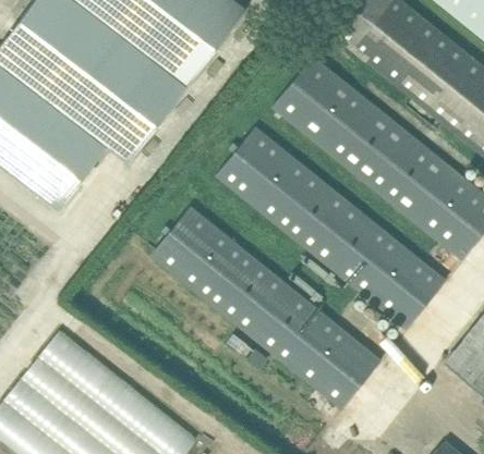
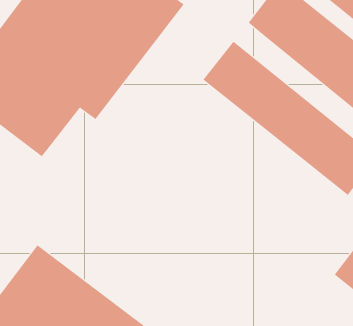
building: [216,126,447,330] -> none
building: [150,207,382,412] -> none

